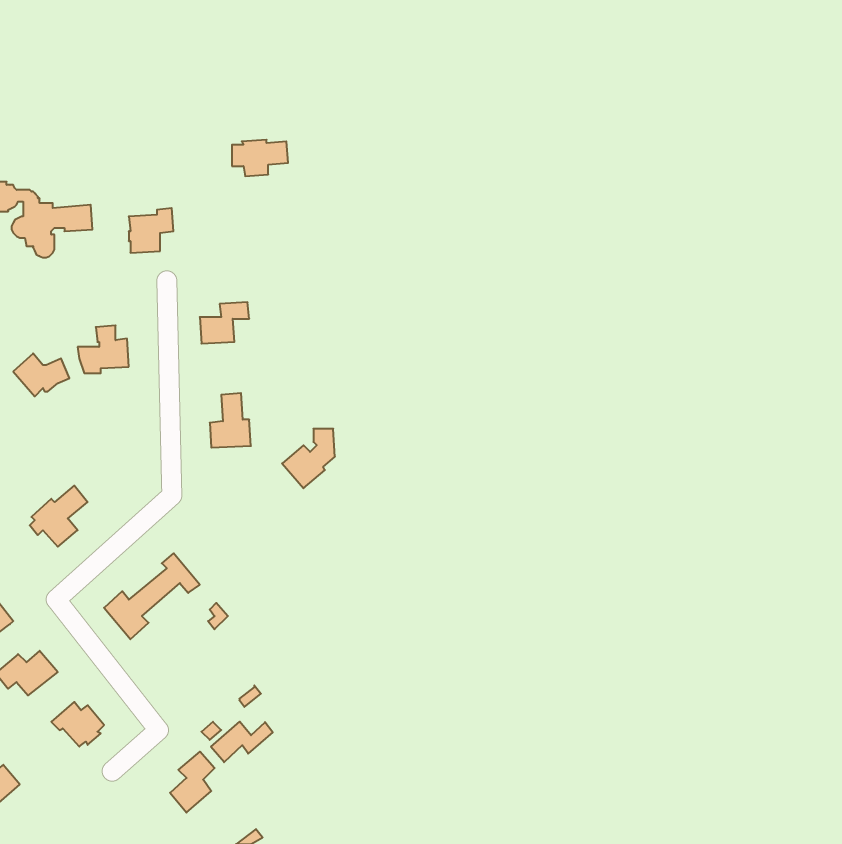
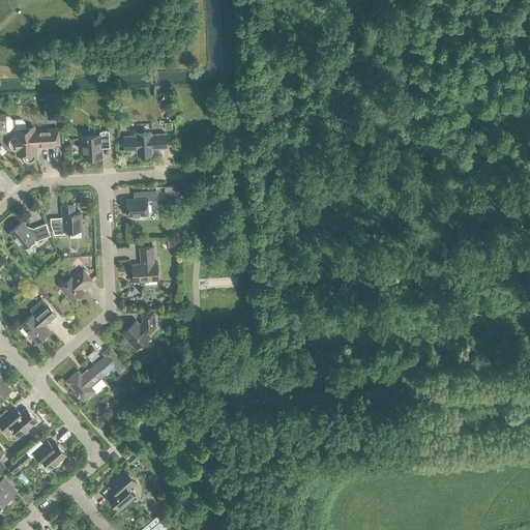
building: [232,140,288,176] -> [128,132,164,155]
building: [282,429,335,488] -> [121,311,154,348]
building: none -> [59,269,90,301]
building: [211,722,273,762] -> none

